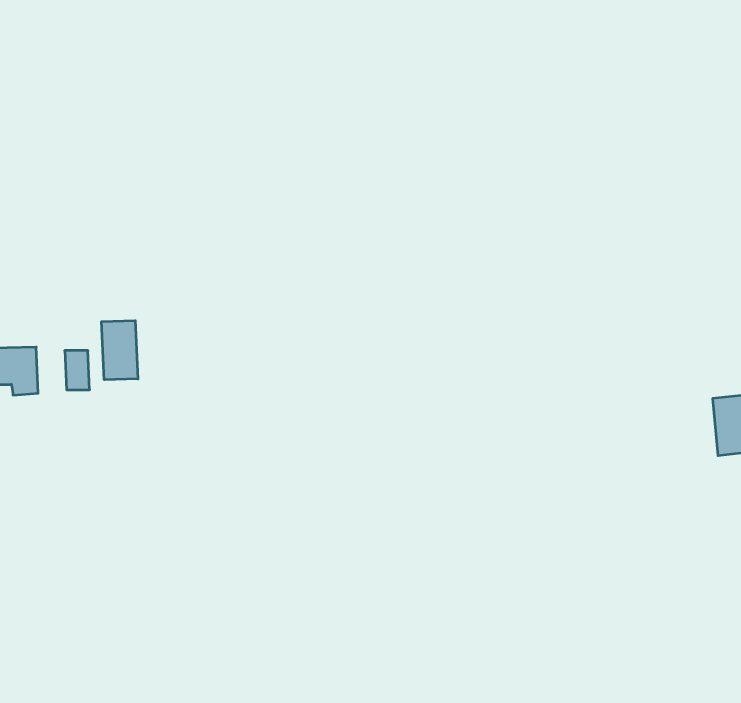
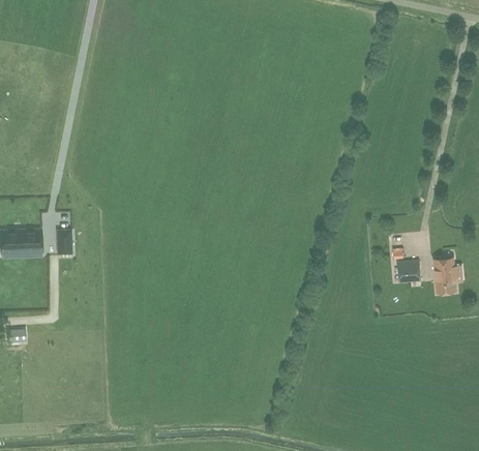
building: [102,321,138,380] -> none
building: none -> [397,262,420,283]

